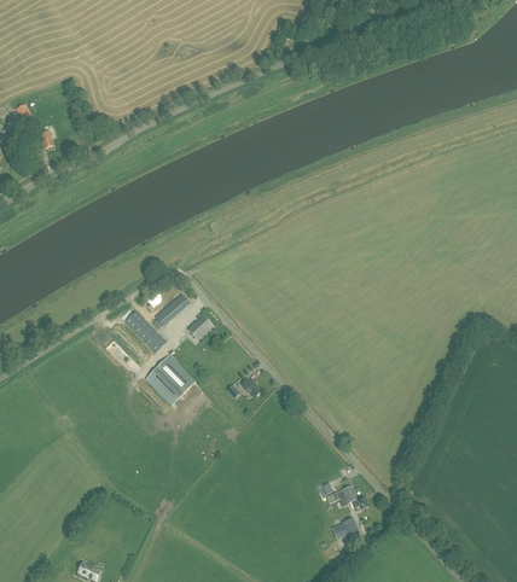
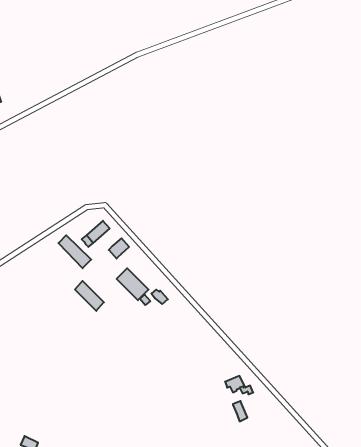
building: [155,354,194,394] -> [117,268,149,300]

